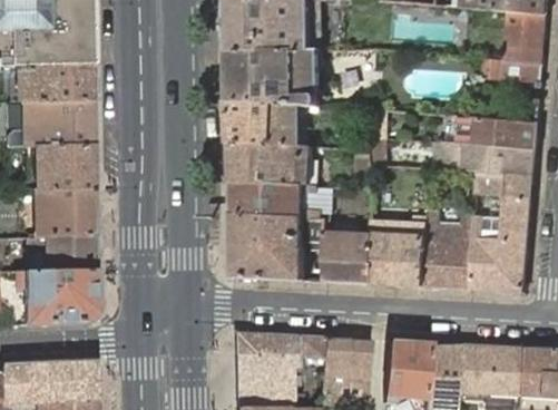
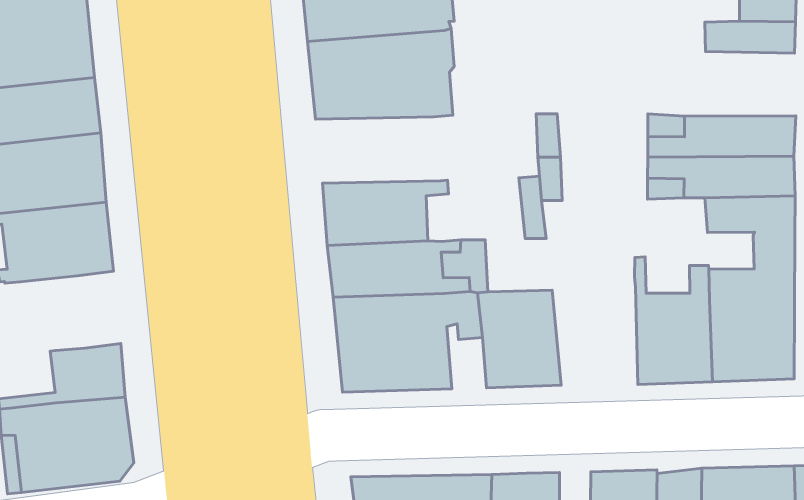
building: [232,100,309,146] -> none
building: [35,187,96,236] -> none
building: [374,217,428,286] -> none

